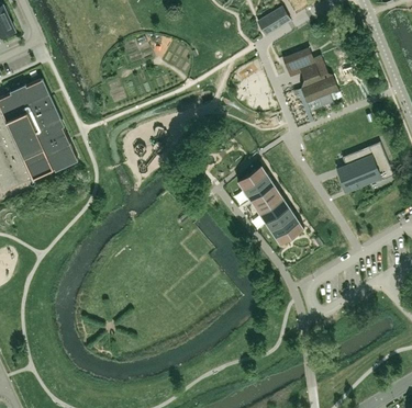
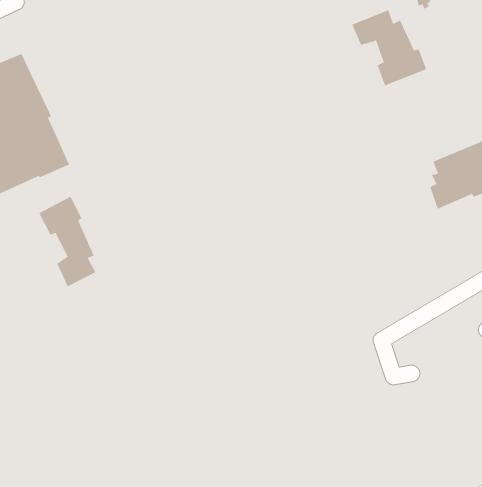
building: [236,165,303,245] -> none
building: none -> [38,196,96,287]

